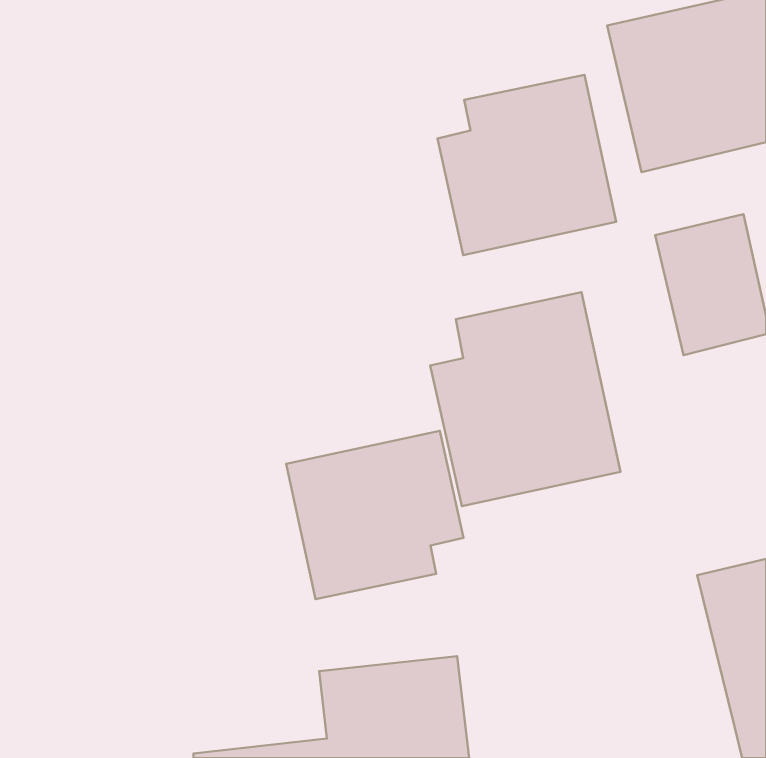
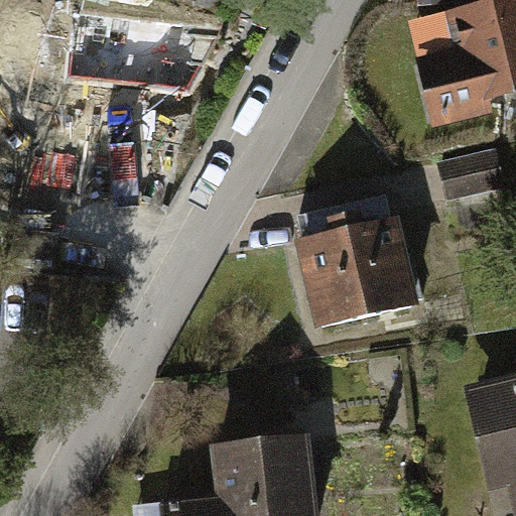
building: [438,75,616,255] -> none
building: [286,431,463,599] -> none

